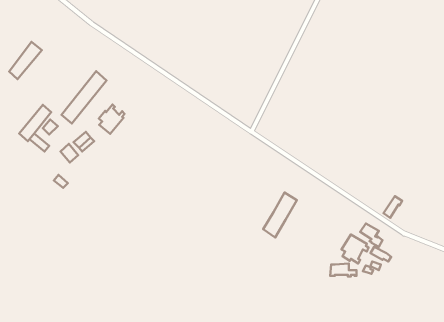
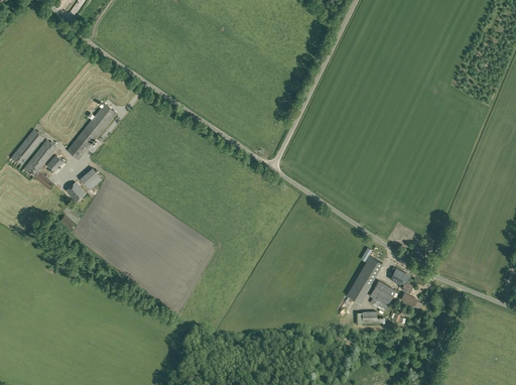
building: [9,42,42,79] -> [9,128,44,168]
building: [99,105,125,134] -> none
building: [263,193,297,237] -> [347,255,383,303]

